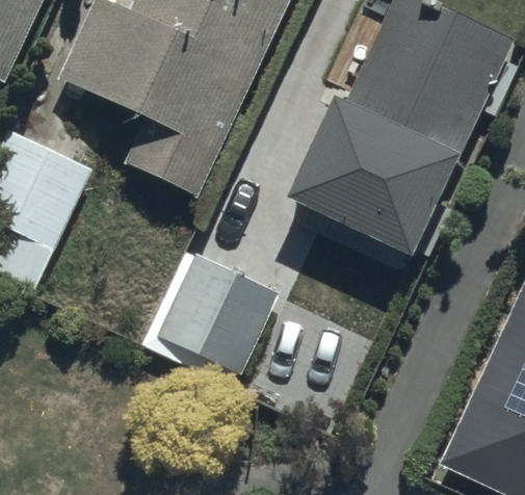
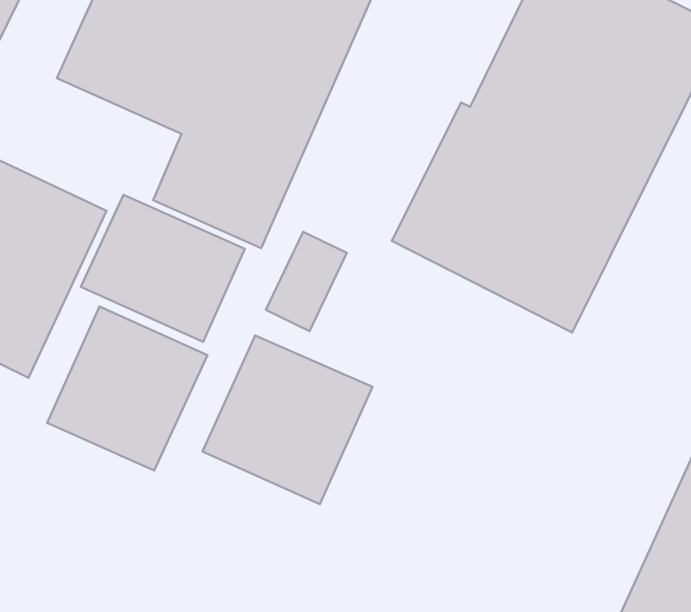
building: none -> [81,195,245,342]
building: none -> [47,307,207,470]

